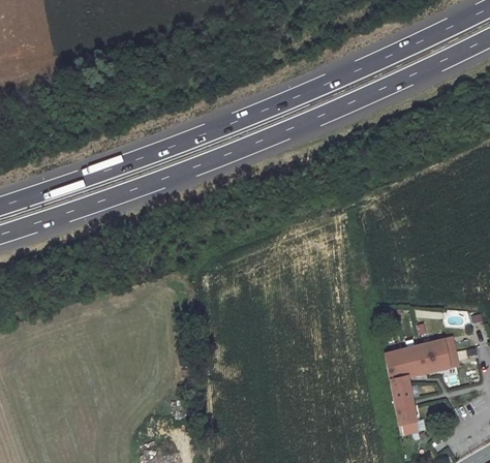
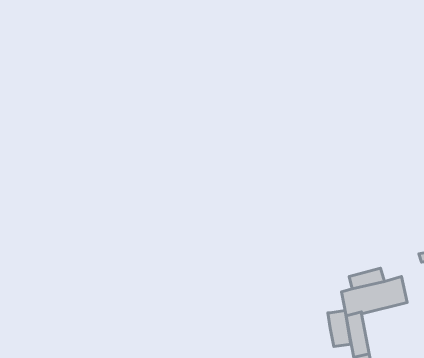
building: none -> [328,311,351,346]

